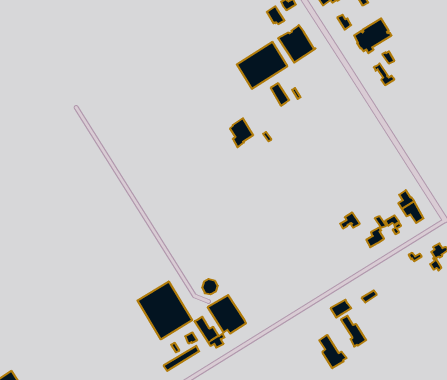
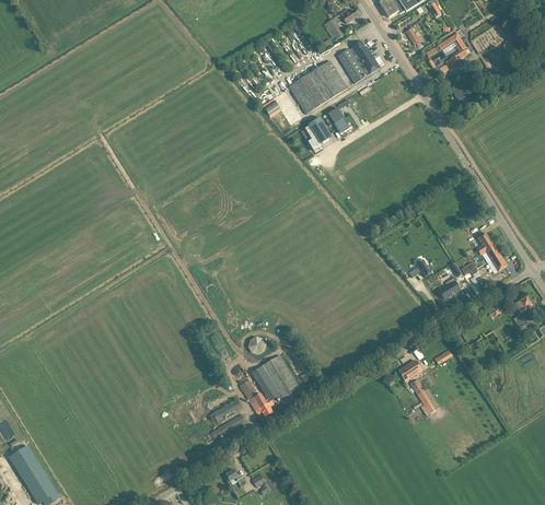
building: [230,118,253,147] -> [304,116,332,150]
building: [137,281,192,339] -> none
building: [319,335,347,368] -> none

